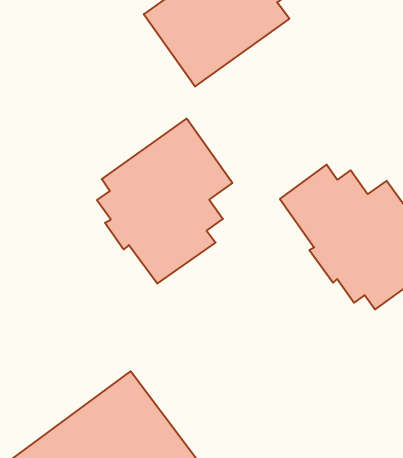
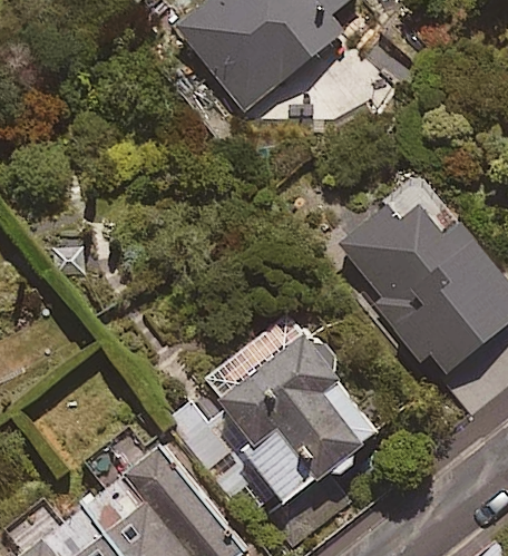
building: [97,119,232,284] -> none
building: none -> [201,309,382,507]

